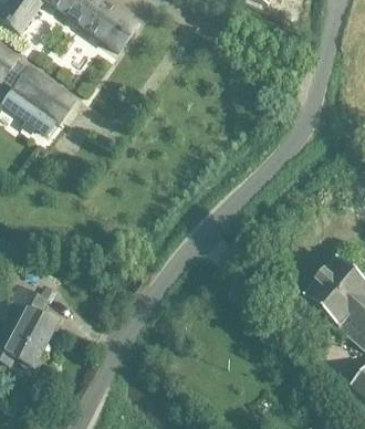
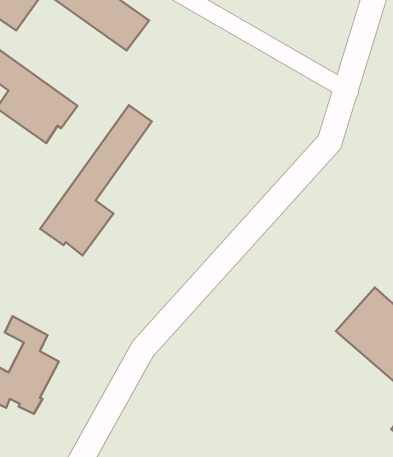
building: none -> [40,105,152,255]

